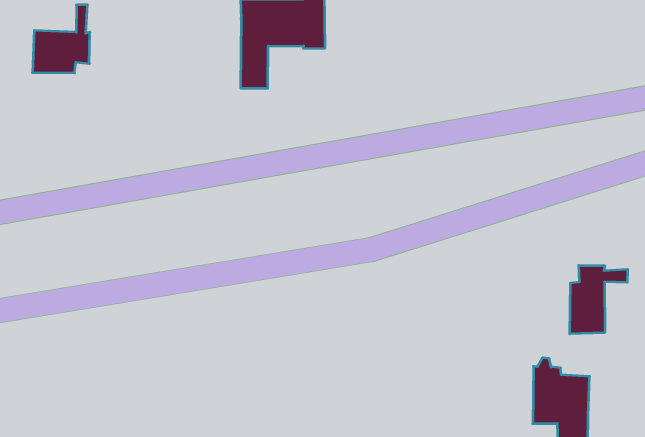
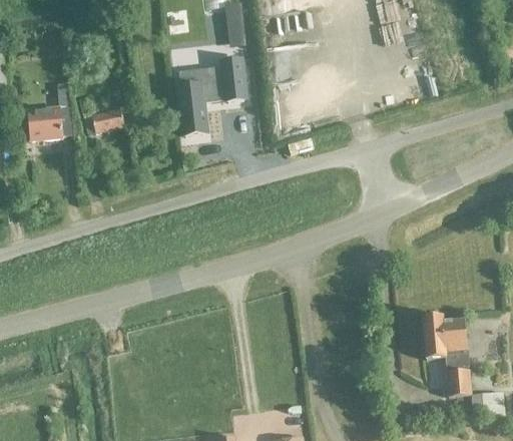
building: none -> [84,107,124,133]
building: [570,265,628,334] -> none

